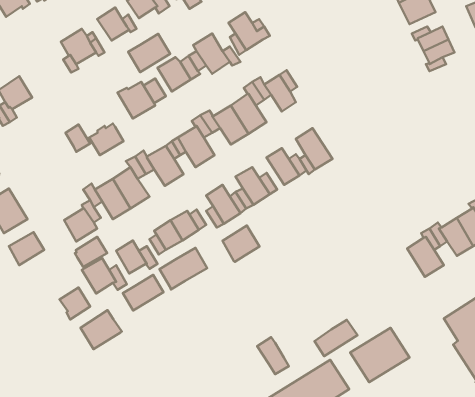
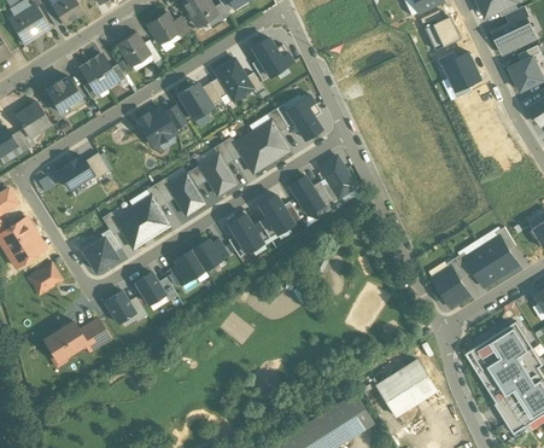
building: [128,34,170,72] -> none
building: none -> [47,77,83,115]
building: [89,123,124,155] -> [58,157,93,190]
building: [222,225,260,262] -> none
building: [75,237,107,267] -> none
building: [159,248,207,289] -> none
building: [123,275,164,310] -> none
building: [80,310,122,349] -> [45,321,87,361]
building: [315,320,358,356] -> none
building: [257,337,289,374] -> none

